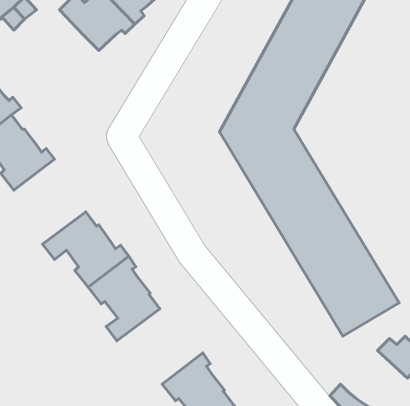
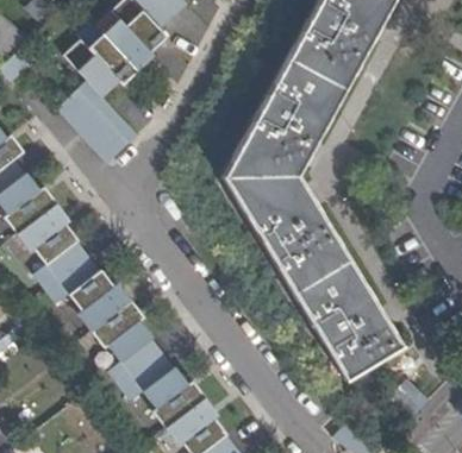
building: none -> [58,81,139,163]
building: none -> [19,205,90,289]
building: none -> [121,353,207,428]

